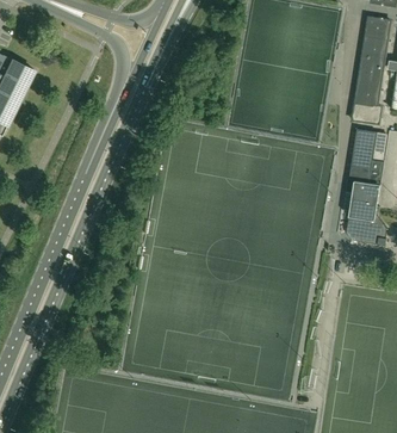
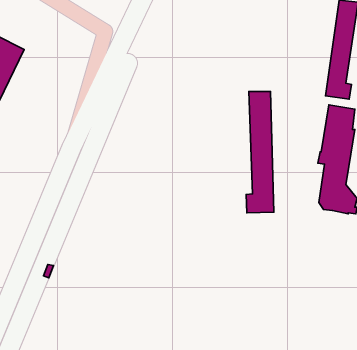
building: none -> [246,91,274,213]

